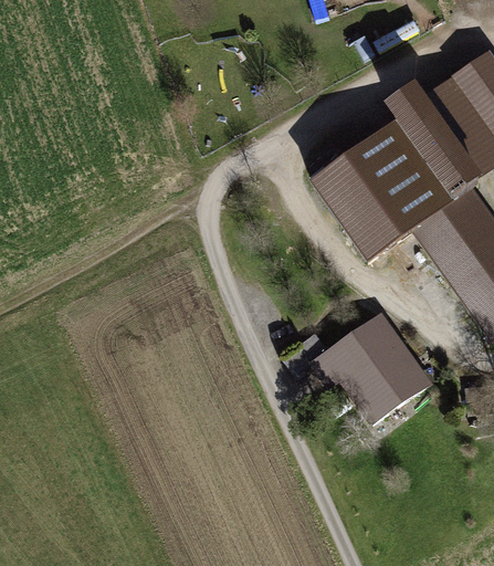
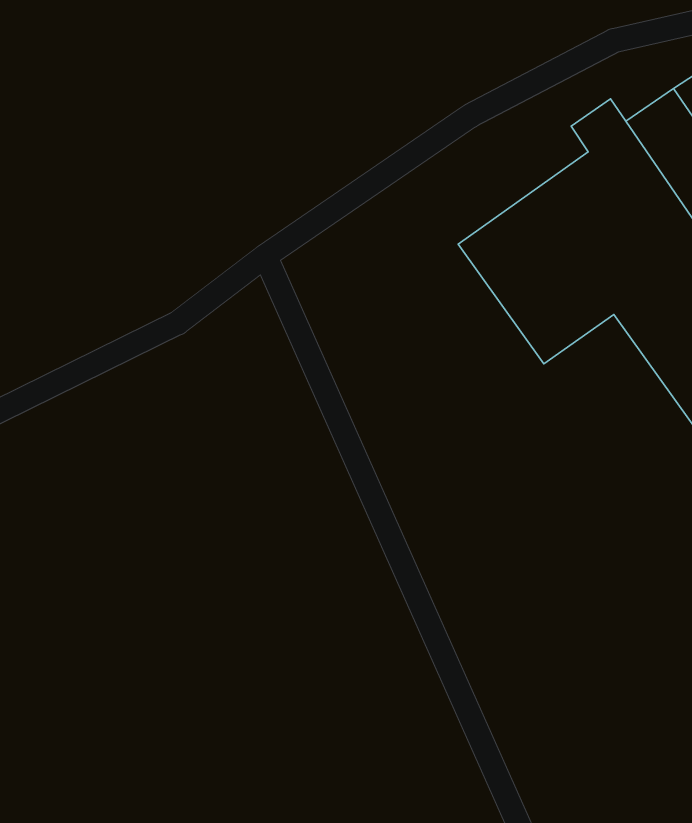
building: [314,315,429,417] -> none

